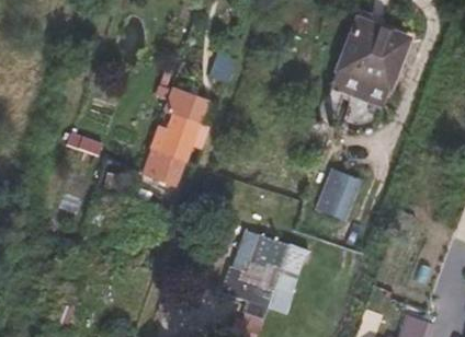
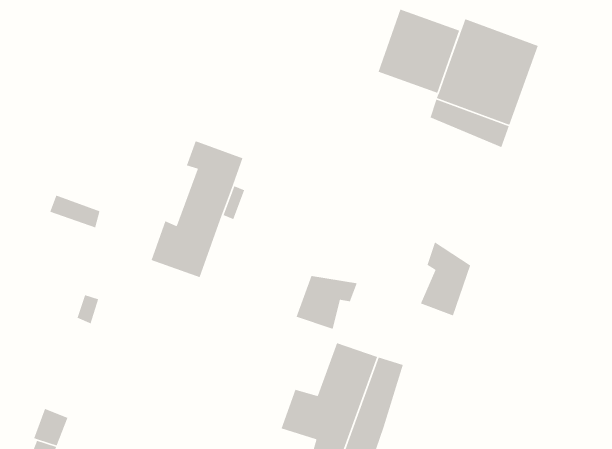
building: none -> [377,8,460,94]
building: none -> [296,275,358,330]

